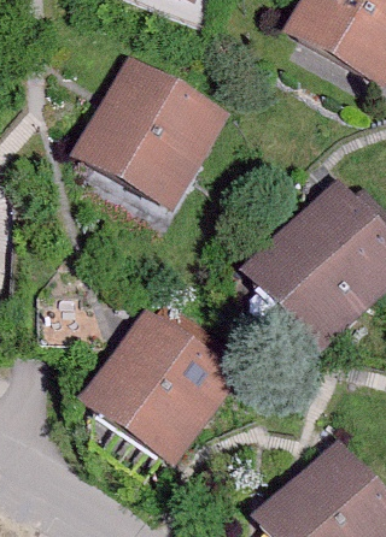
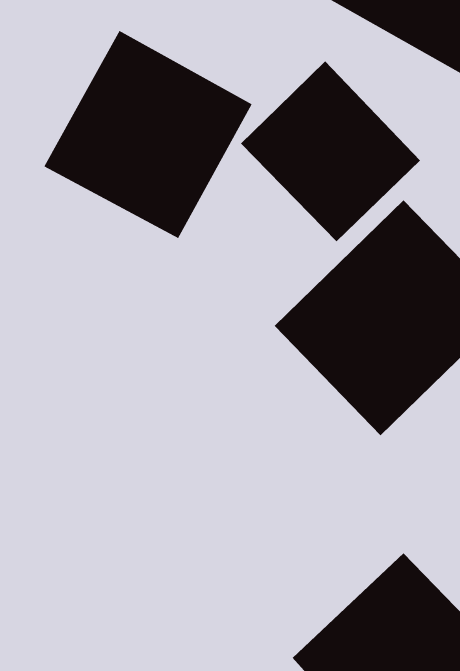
building: none -> [240,60,421,242]
building: [80,307,238,465] -> none

